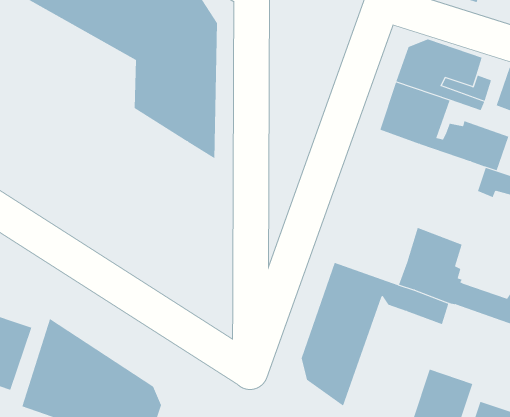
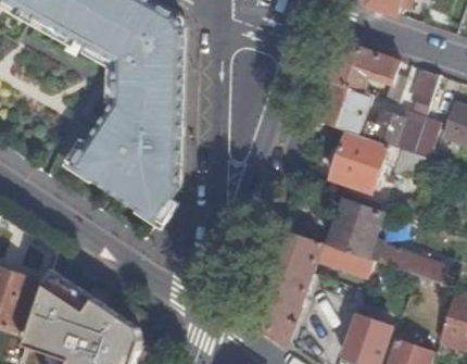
building: none -> [72,102,181,225]
building: none -> [331,131,389,192]

